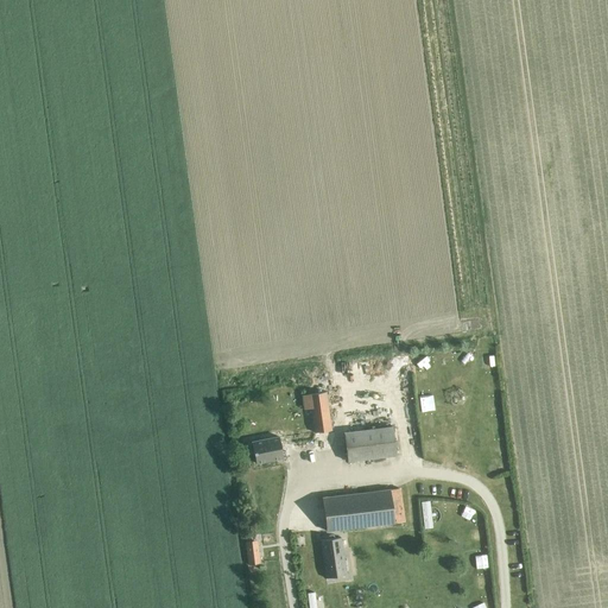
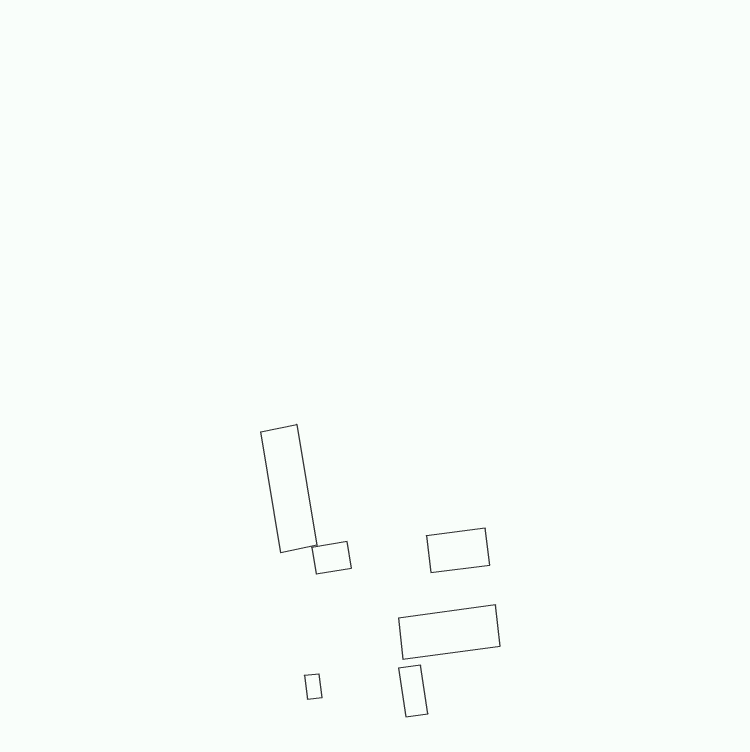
building: none -> [261,424,317,553]
building: [310,392,332,433] -> none

